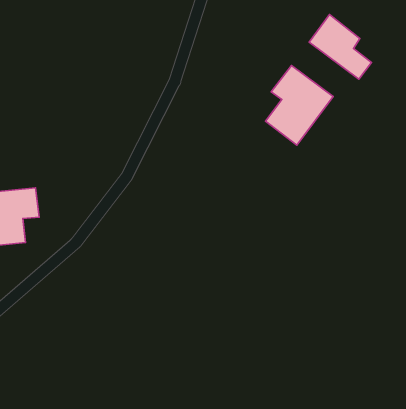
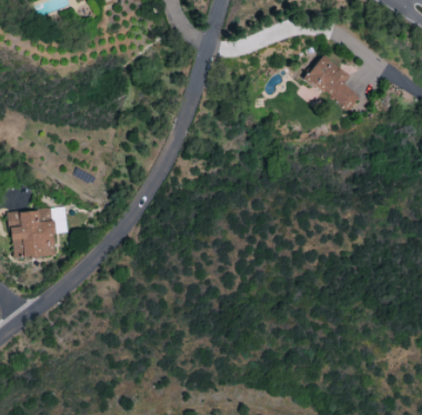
building: [265,65,333,145] -> none

